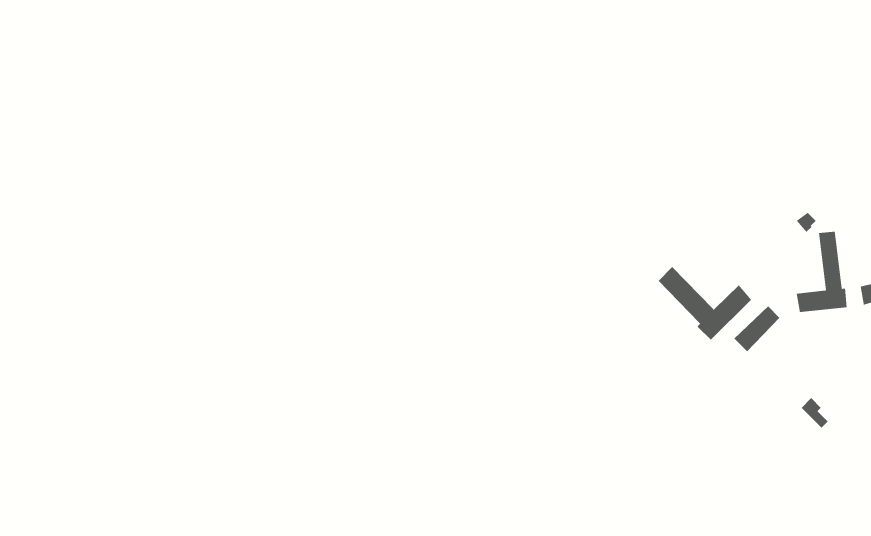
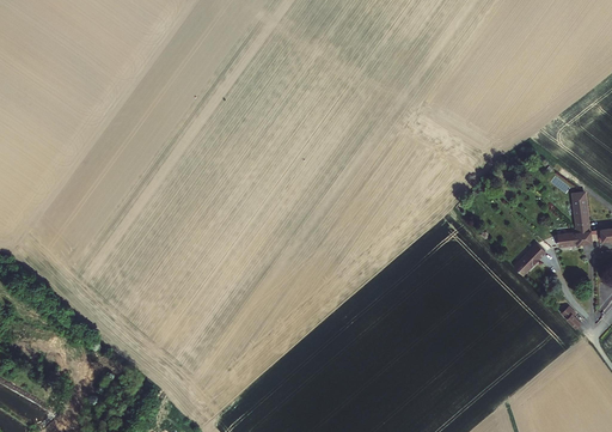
building: [658,266,752,340] -> none

